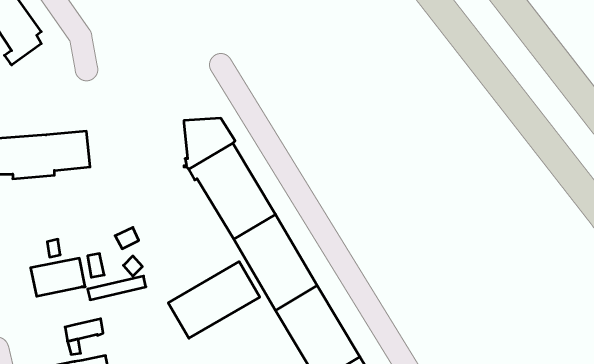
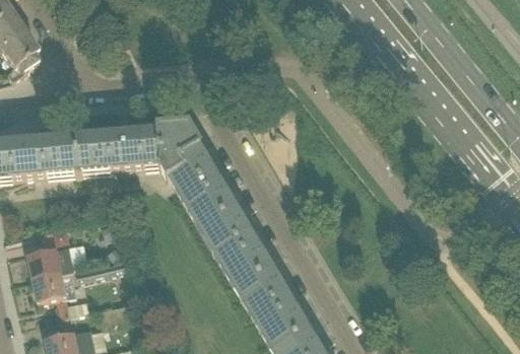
building: none -> [75,127,161,166]
building: [168,262,260,338] -> none
building: none -> [32,267,77,299]

